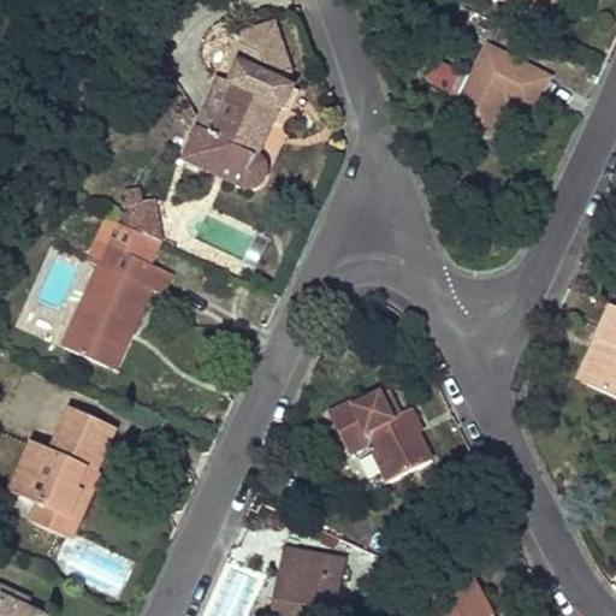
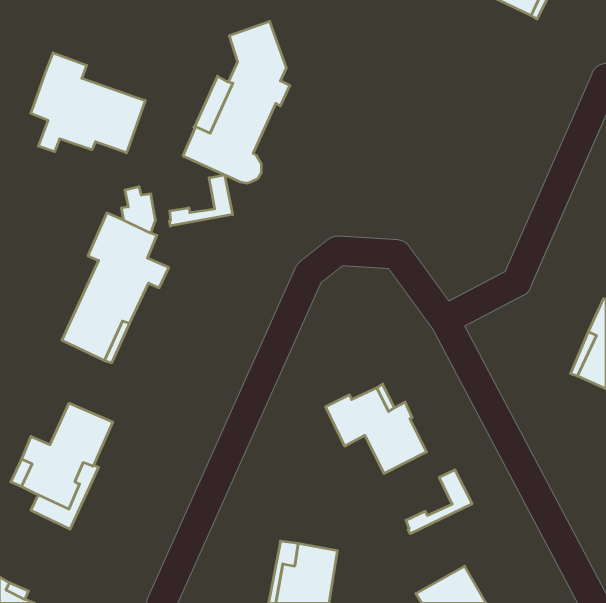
building: [451,43,549,132] -> none
building: none -> [31,53,145,153]
building: none -> [169,175,233,226]
building: none -> [406,470,472,534]

